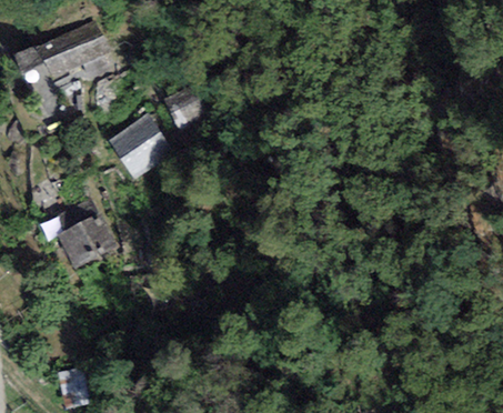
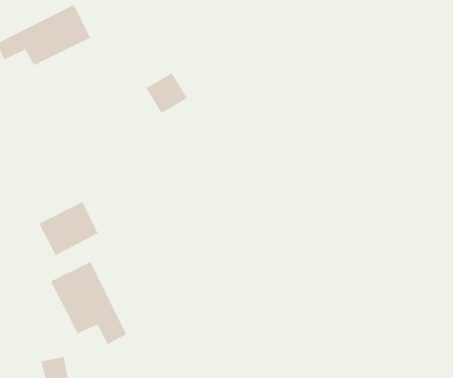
building: [110,118,172,178] -> none
building: none -> [50,261,127,345]

